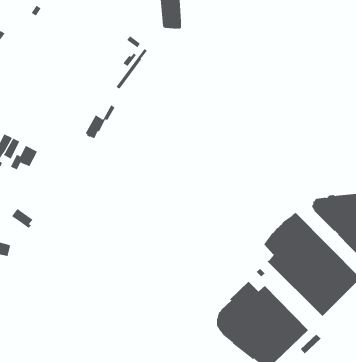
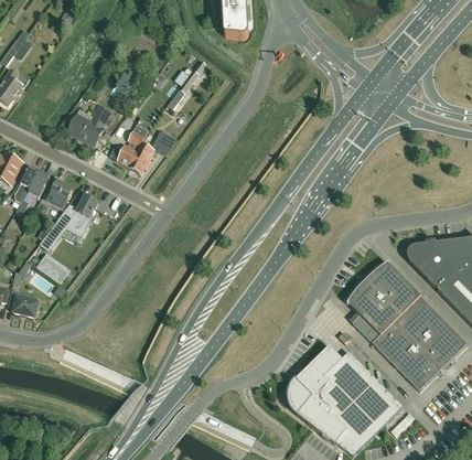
building: none -> [67,105,110,145]
building: none -> [109,119,150,165]
building: none -> [41,194,98,248]

